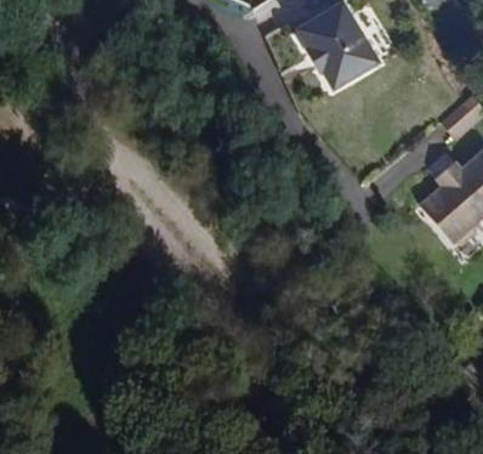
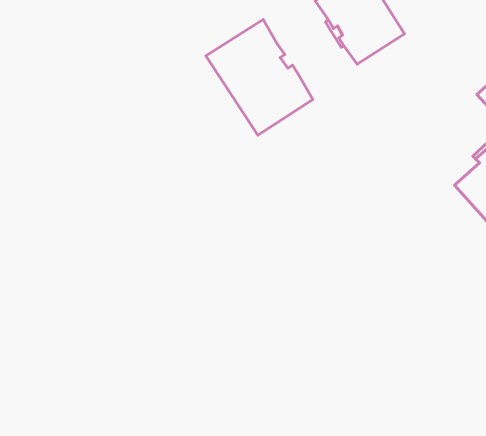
building: none -> [206,19,313,135]

